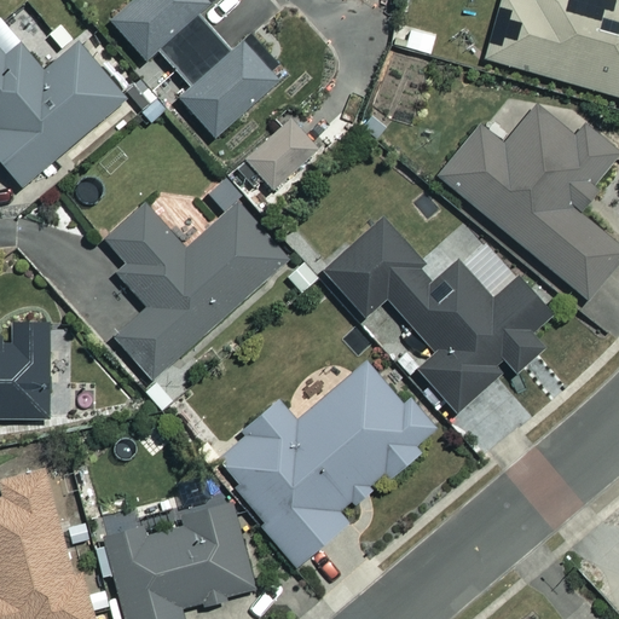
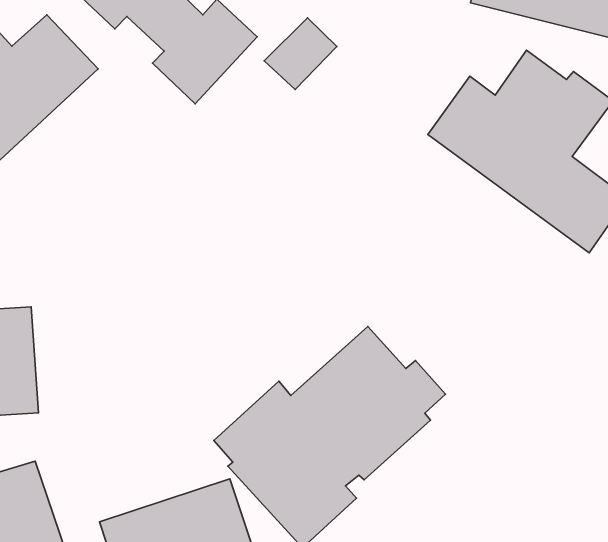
building: [245,120,316,187] -> [264,18,337,89]
building: [106,202,290,378] -> none
building: [326,220,551,413] -> none

